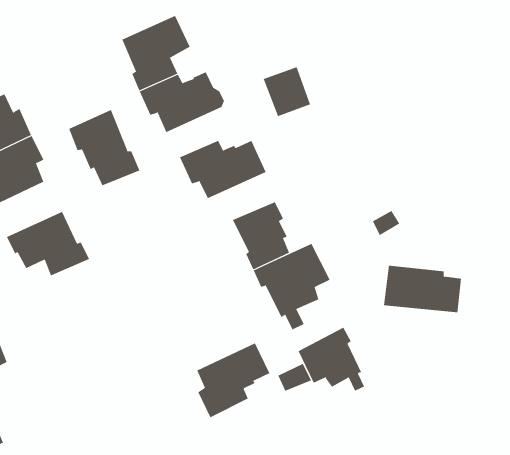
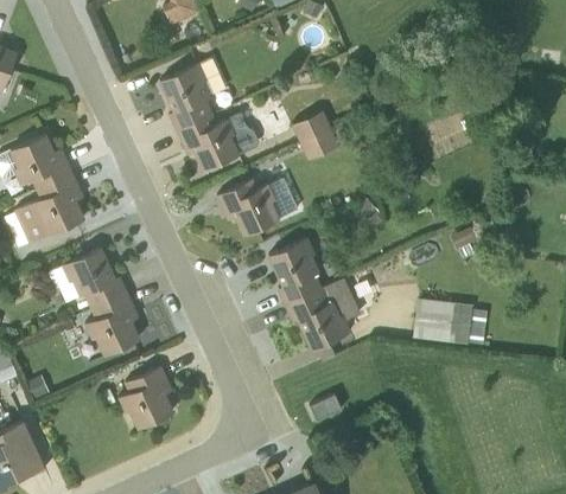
building: [68,109,140,186] -> none
building: none -> [83,293,140,355]
building: [298,327,365,391] -> none
building: none -> [117,364,174,429]
building: [197,342,270,418] -> none

